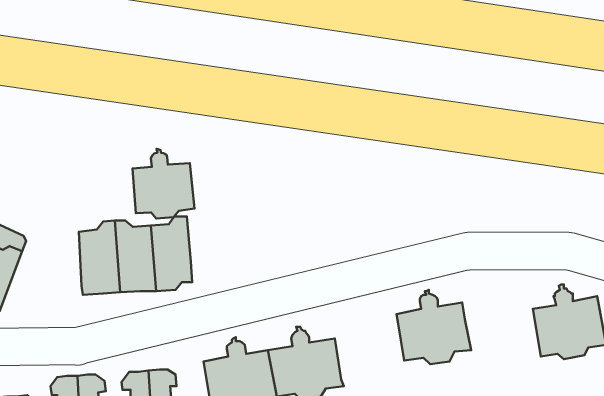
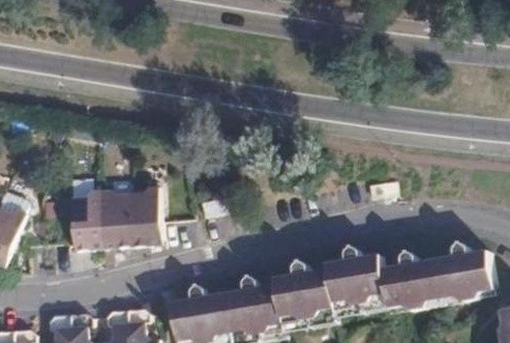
building: [132,149,195,219] -> none
building: none -> [379,250,440,310]
building: none -> [273,259,332,319]

